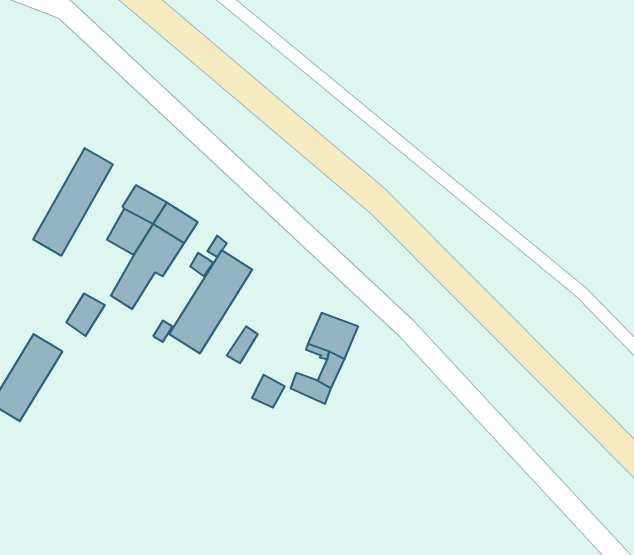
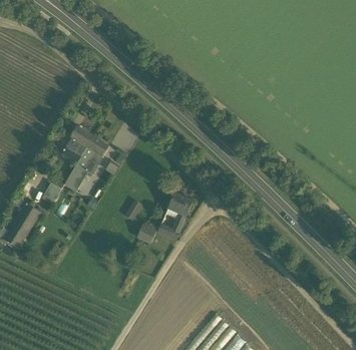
building: [33,148,113,256] -> none
building: [169,250,252,354] -> none

